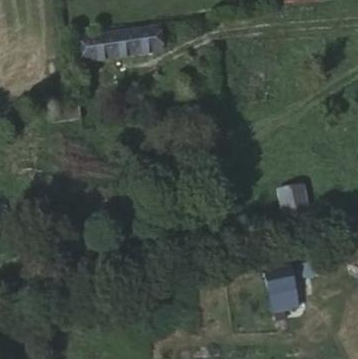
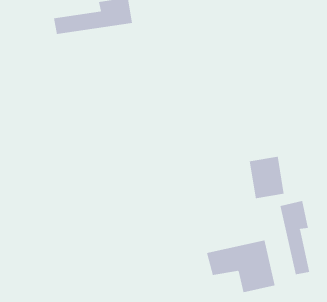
building: none -> [280,200,310,275]

